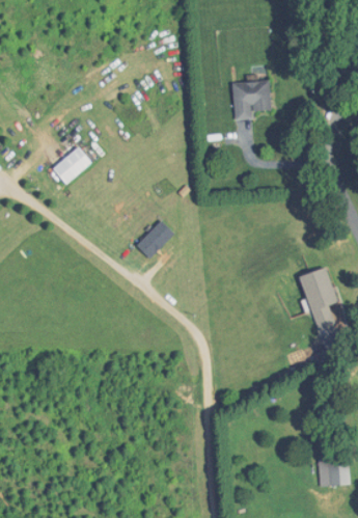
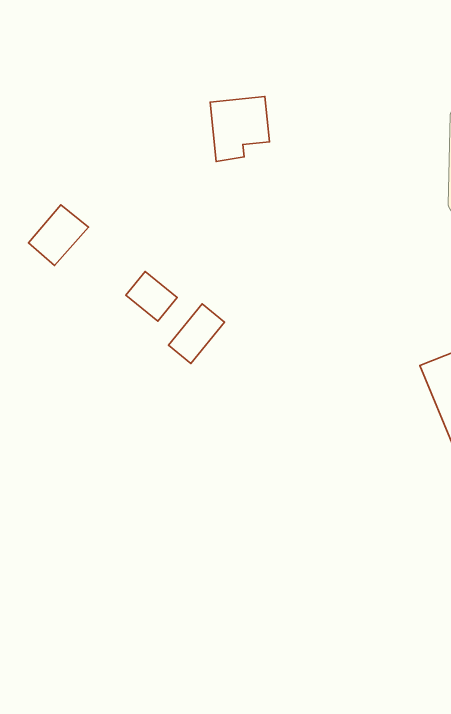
building: [233,81,270,120] -> [210,96,269,161]
building: none -> [126,271,177,321]

